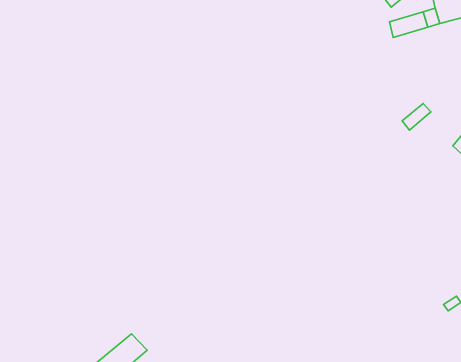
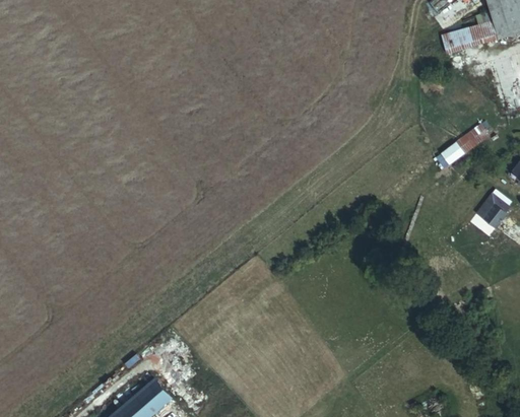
building: none -> [472,197,507,230]

